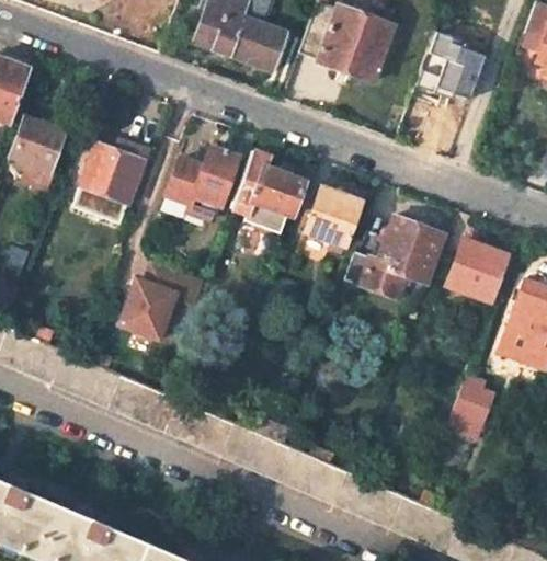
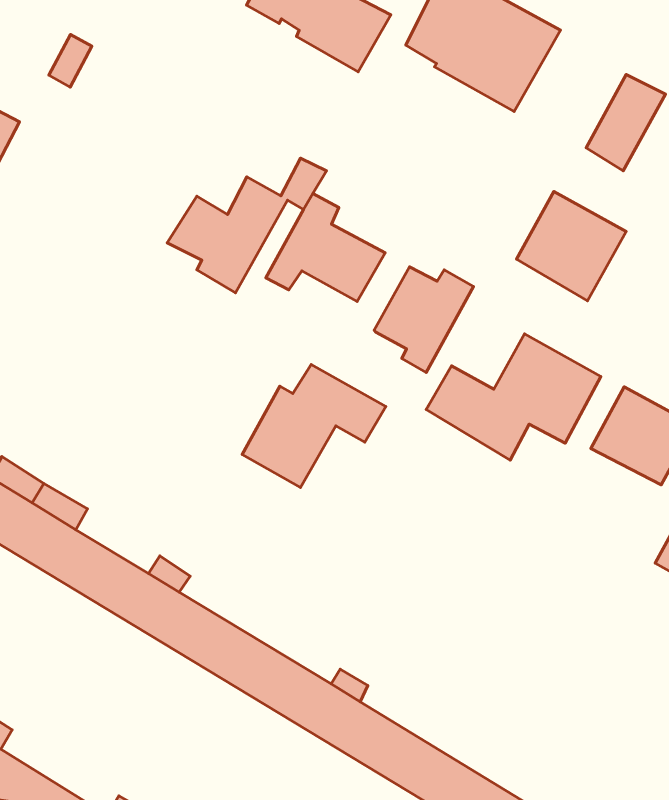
building: none -> [517,191,626,301]
building: [82,142,147,206] -> none
building: [116,262,202,340] -> [242,364,386,488]
building: [449,378,494,440] -> none

